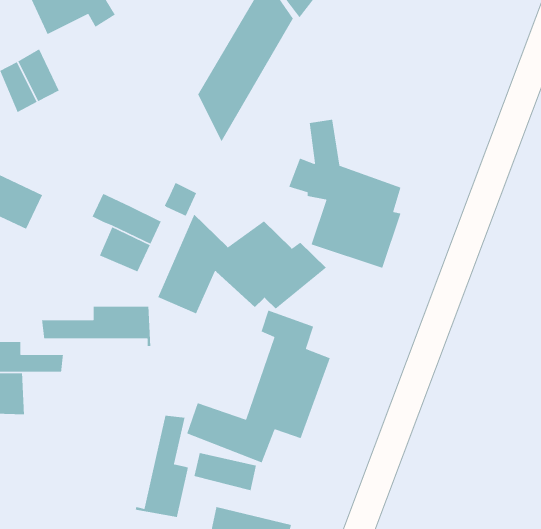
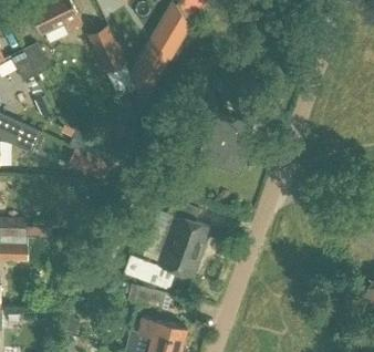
building: none -> [86,25,126,73]
building: [157,214,327,314] -> none
building: [41,306,151,347] -> none
building: [135,415,189,518] -> none

